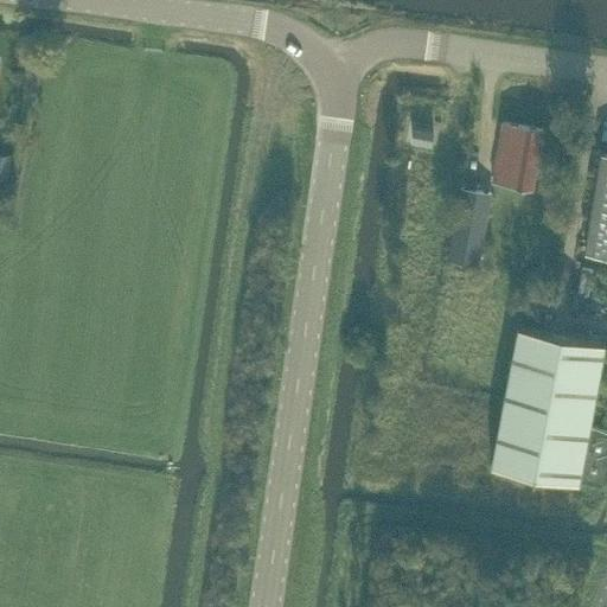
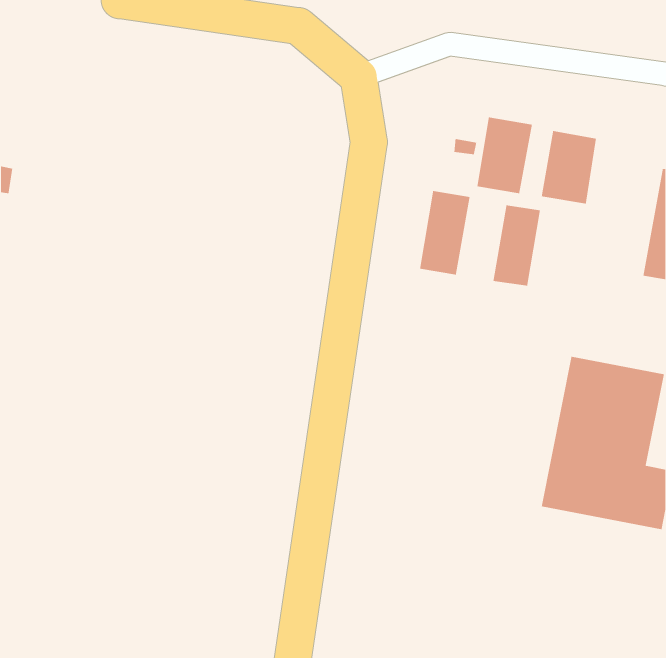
building: none -> [476,116,533,194]
building: none -> [419,190,471,275]

